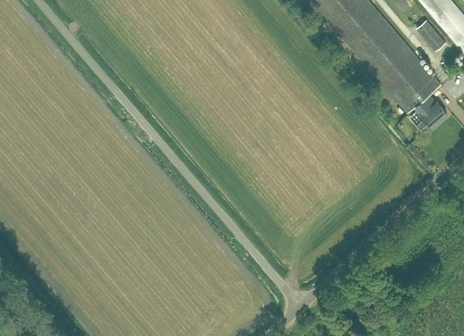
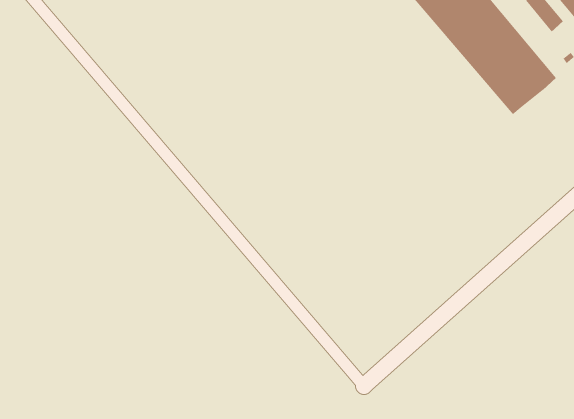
building: [414,93,447,130] -> none

